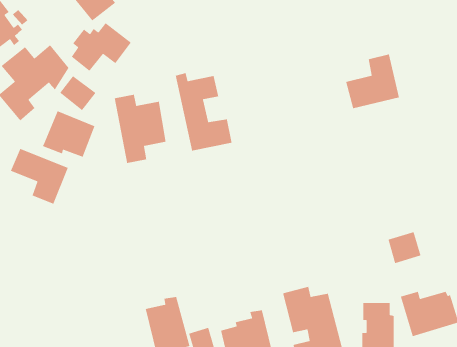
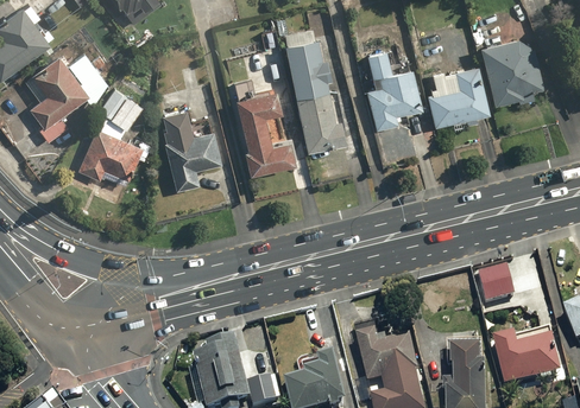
building: [71,22,132,72] -> none
building: none -> [480,34,549,107]
building: none -> [283,36,345,151]
building: none -> [365,50,422,129]
building: [10,148,69,205] -> none

